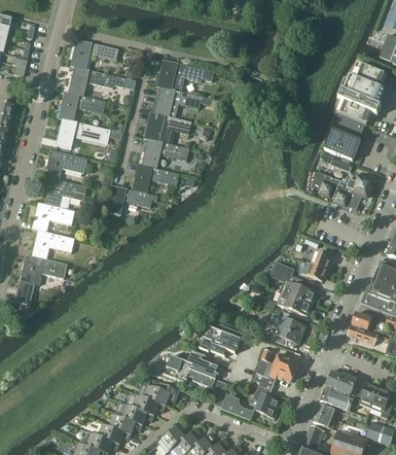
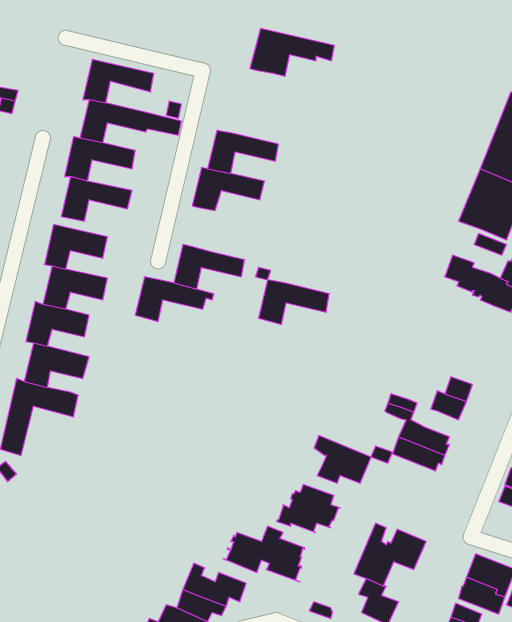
building: [155,60,212,92] -> [250,28,334,76]
building: [141,139,188,169] -> [258,280,329,324]
building: [267,312,305,344] -> [314,435,371,483]

